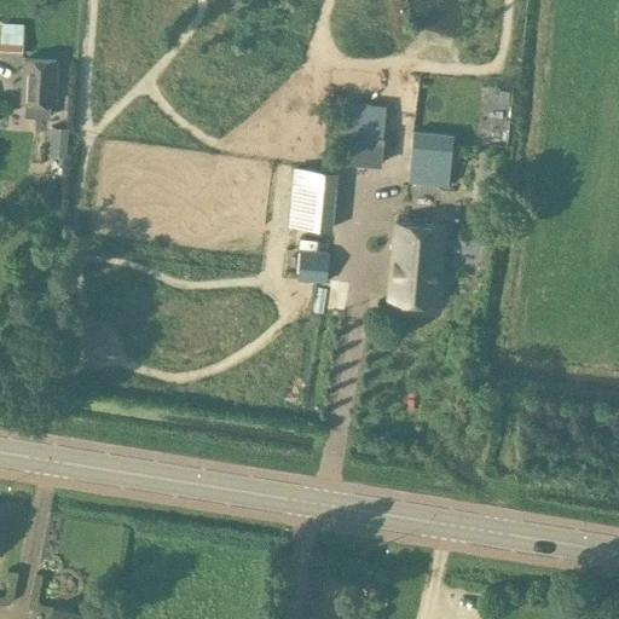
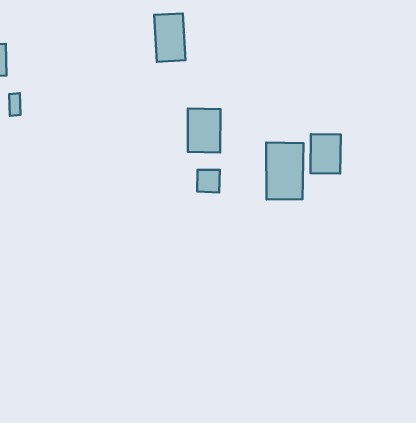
building: [343,98,383,162] -> [154,13,186,62]
building: [409,135,453,191] -> [311,134,341,173]

